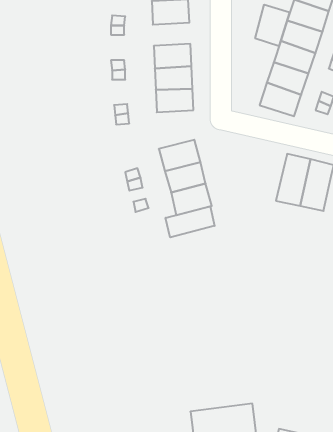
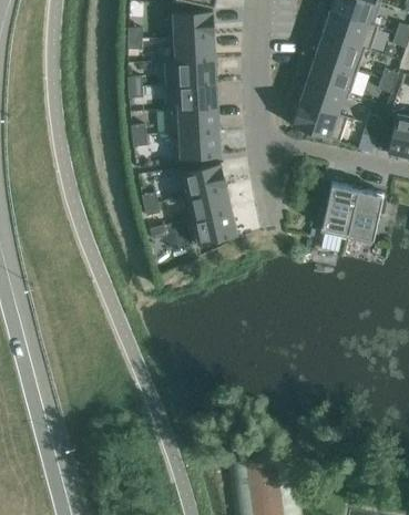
building: [255,5,290,46] -> none
building: none -> [176,38,217,63]
building: none -> [181,133,222,161]
building: [166,206,215,237] -> none

